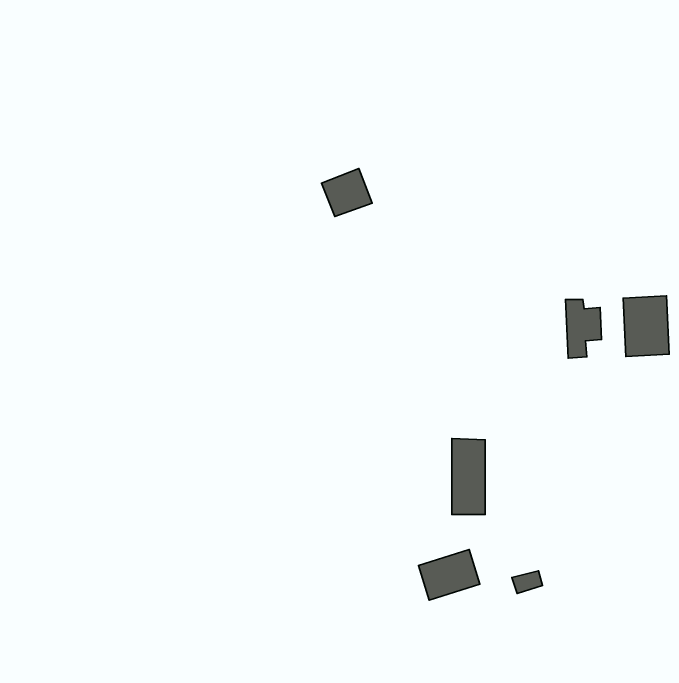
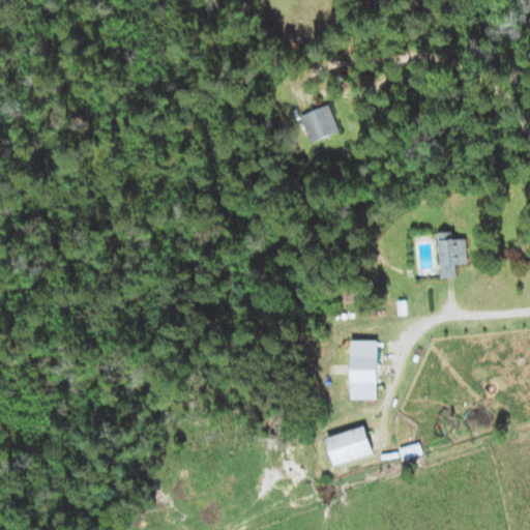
building: [321,168,372,216] -> [298,105,337,142]
building: [623,296,669,356] -> none

